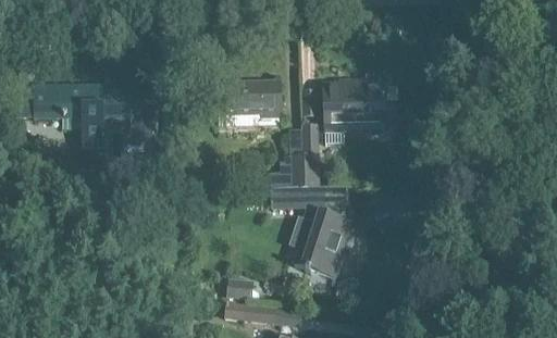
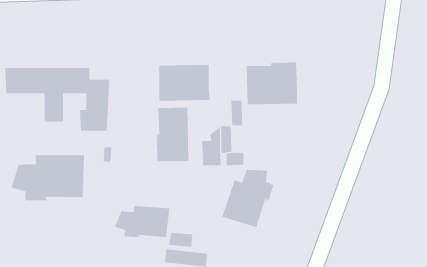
building: none -> [157,107,189,162]
building: none -> [11,154,85,201]
building: none -> [114,205,170,238]

